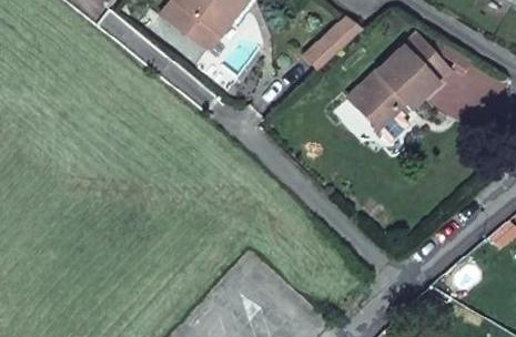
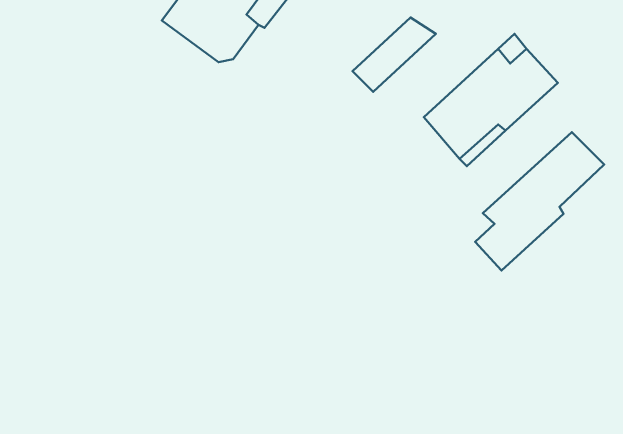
building: none -> [475,132,604,270]

